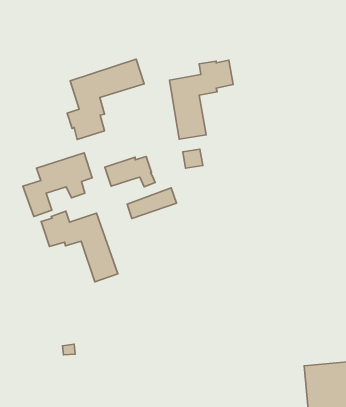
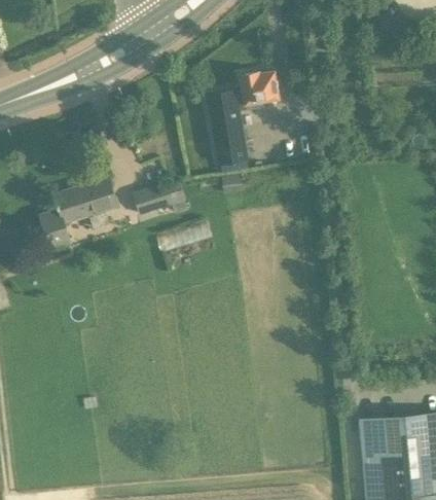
building: [67,59,144,139] -> none
building: [41,211,118,282] -> none

